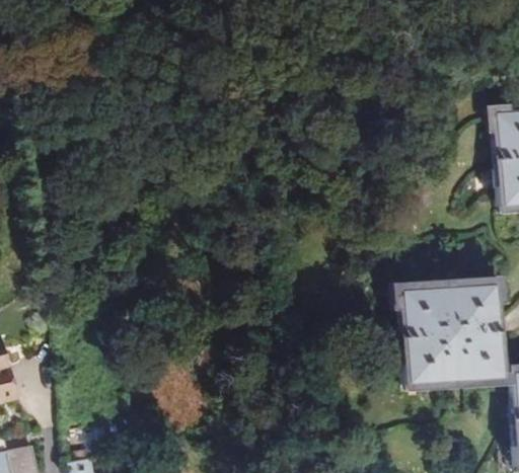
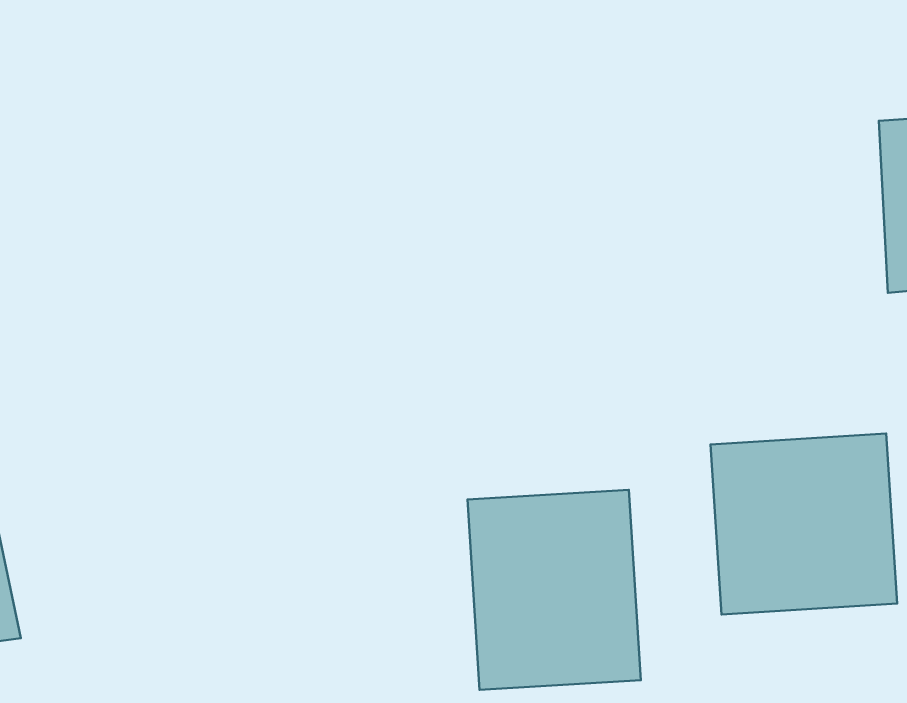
building: none -> [468,490,641,690]

